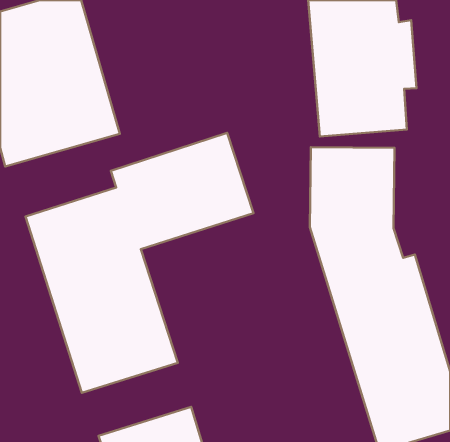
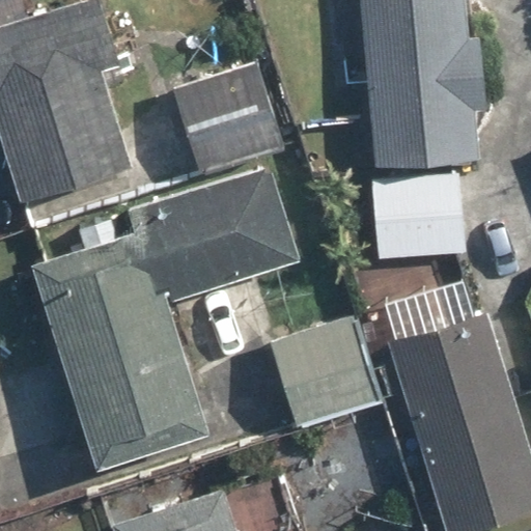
building: none -> [175,65,284,177]
building: none -> [273,316,381,425]

